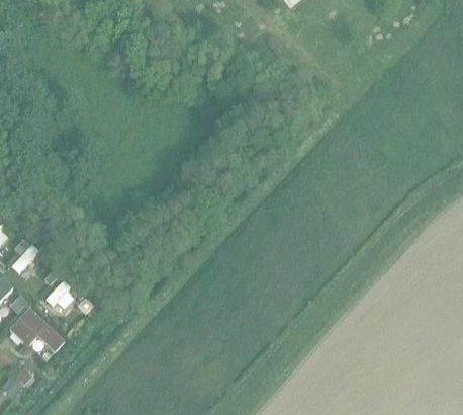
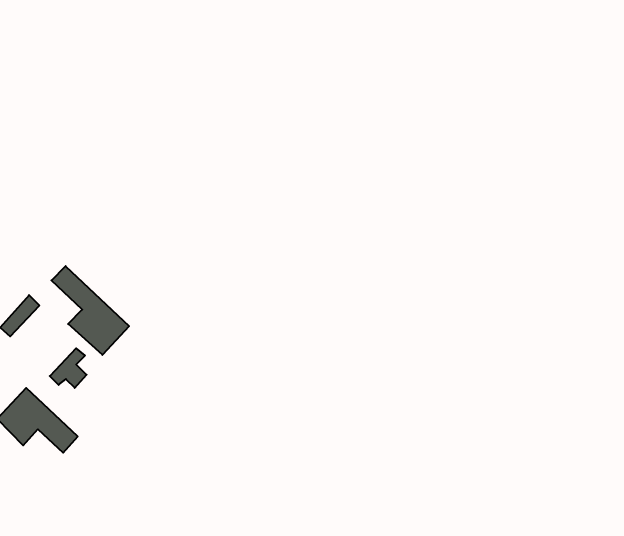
building: none -> [51,266,129,355]

